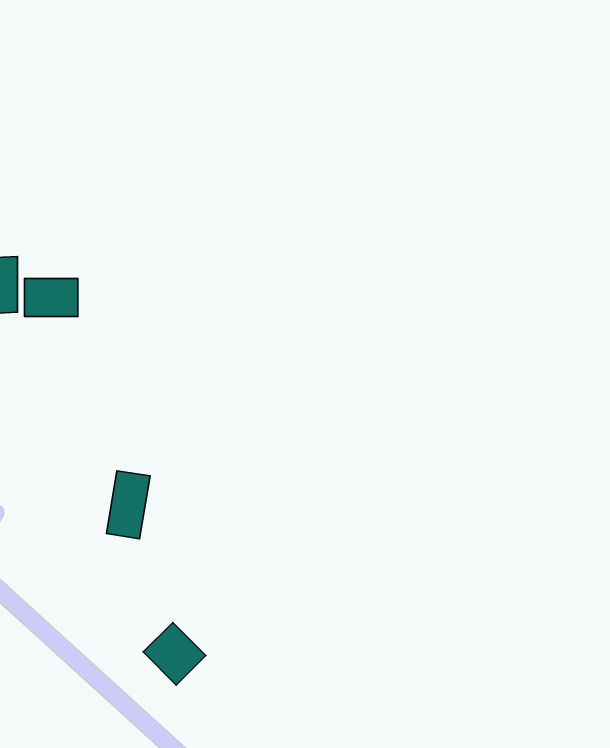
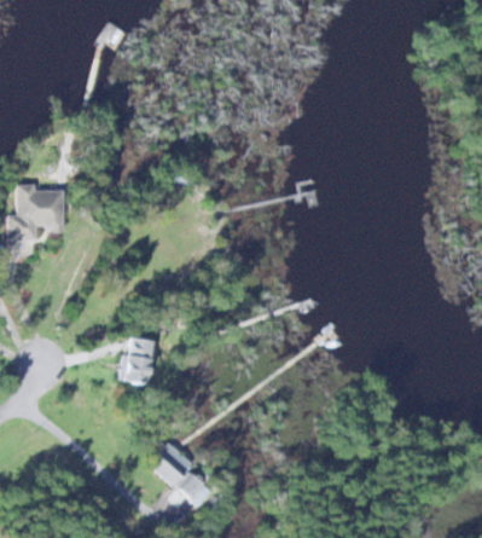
building: [24,278,78,316] -> none
building: none -> [179,473,213,505]

